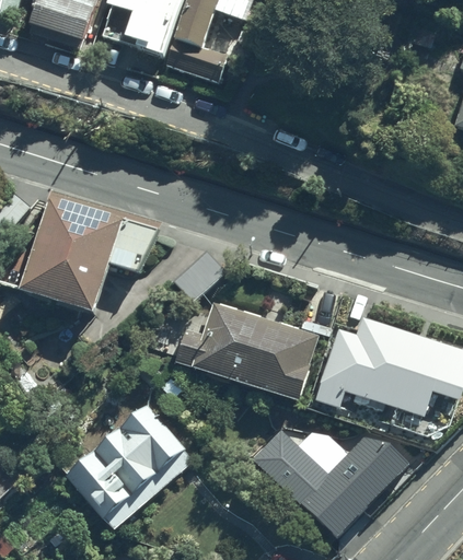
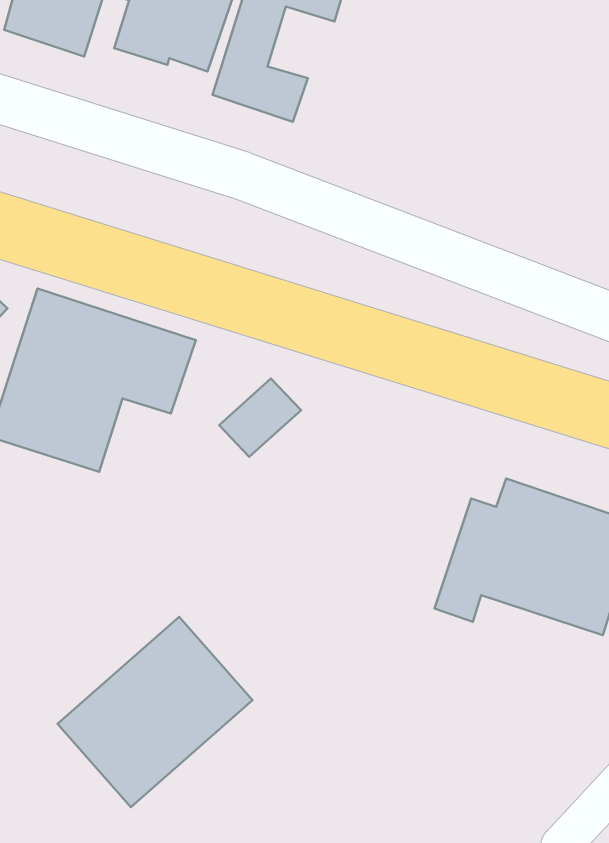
building: [173,302,317,399] -> none
building: [251,428,408,538] -> none

